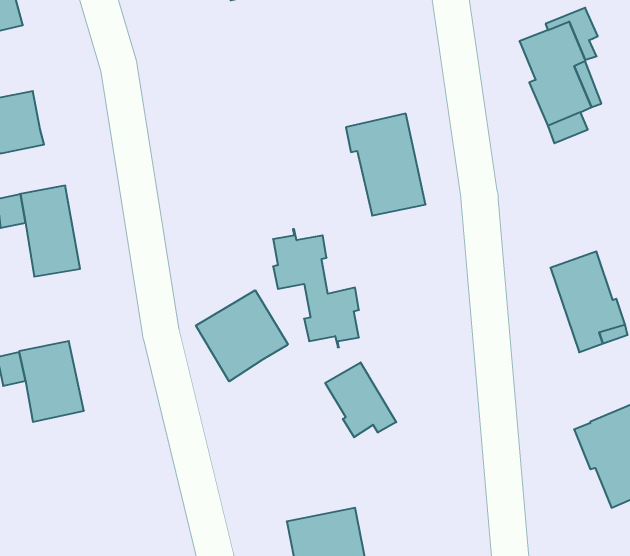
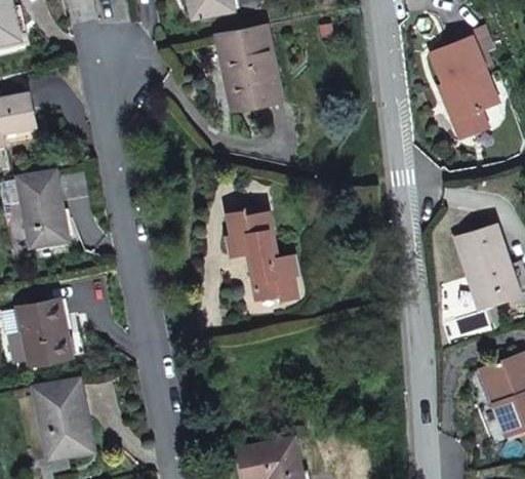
building: [346,114,426,216] -> [217,26,283,110]
building: [196,290,288,381] -> none
building: [325,362,396,437] -> none
building: none -> [35,378,88,460]

